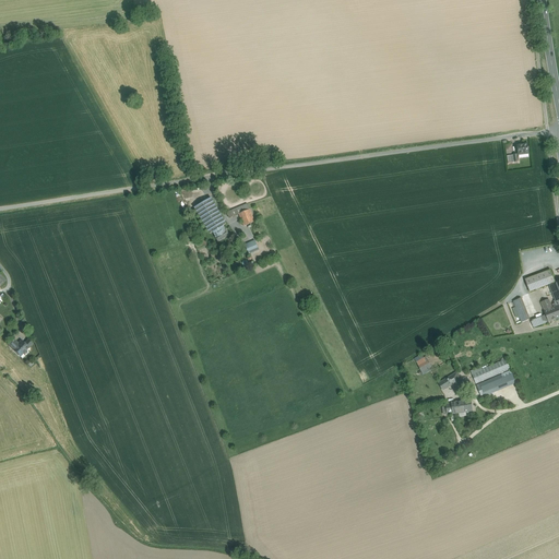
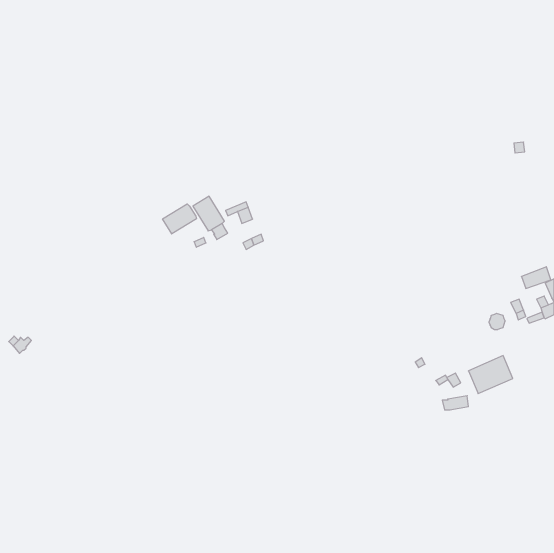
building: none -> [163,204,197,234]

